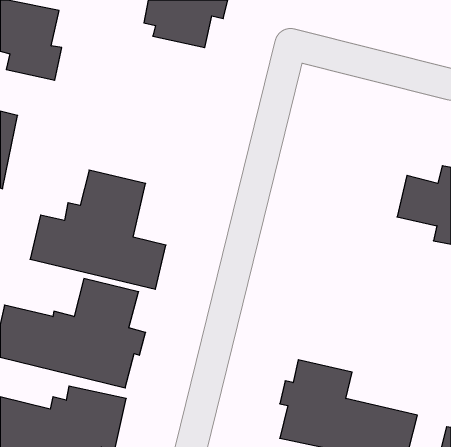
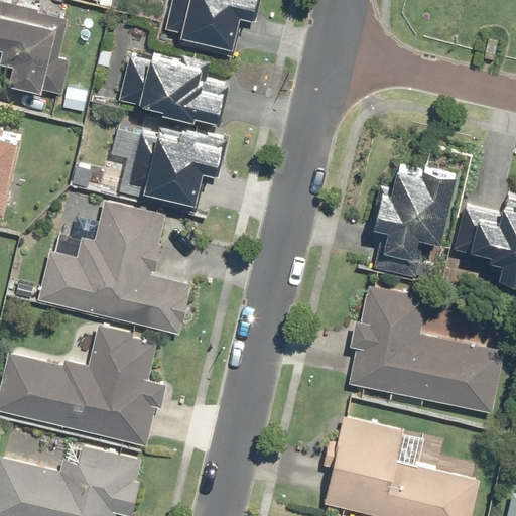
building: none -> [115,49,229,123]
building: none -> [108,120,228,214]
building: none -> [367,165,455,280]
building: none -> [346,284,503,414]

